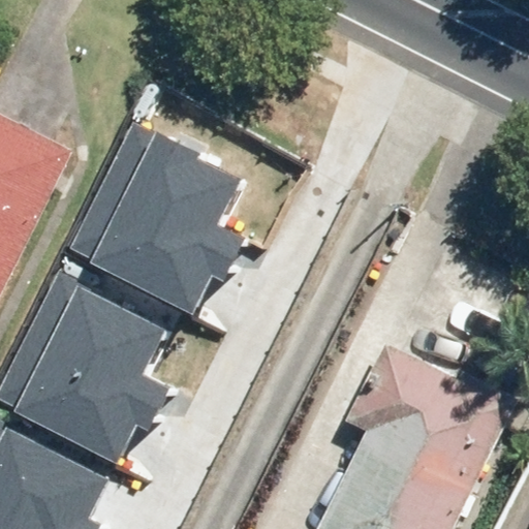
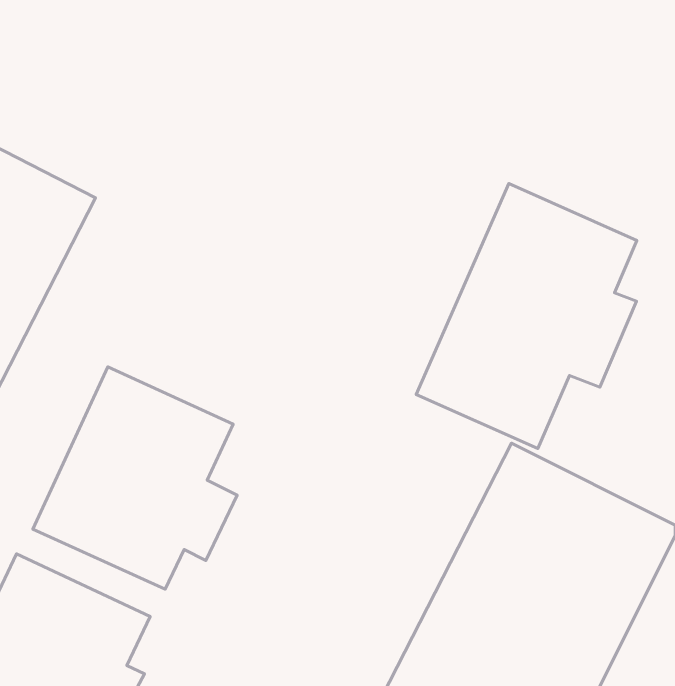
building: [96,133,257,317] -> none
building: none -> [416,183,637,448]

